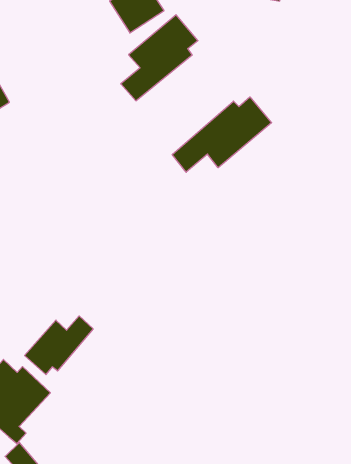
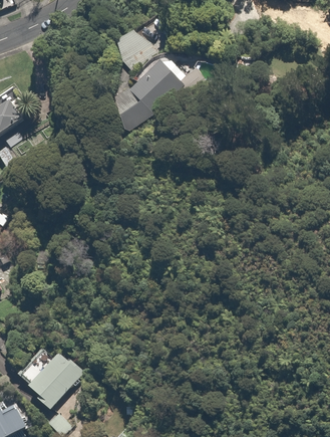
building: [172,97,272,172] -> none
building: [25,316,93,375] -> none

